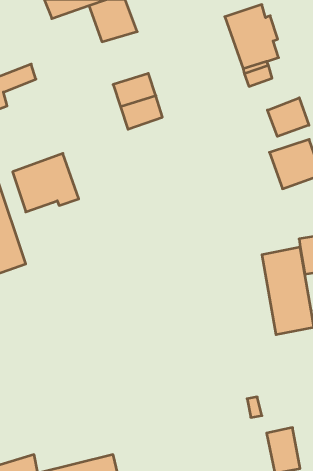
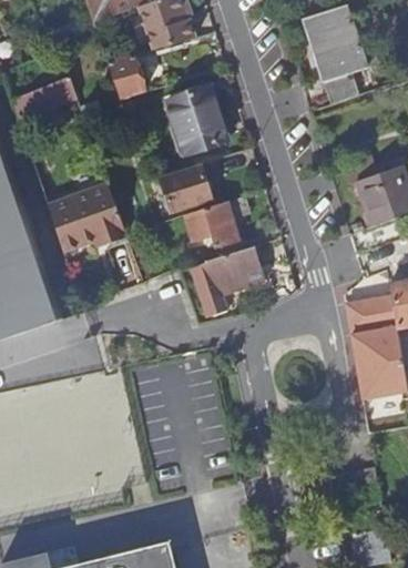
building: none -> [106,57,143,101]
building: [267,98,309,136] -> none
building: none -> [160,168,210,213]
building: none -> [185,197,252,247]
building: none -> [191,247,265,320]

